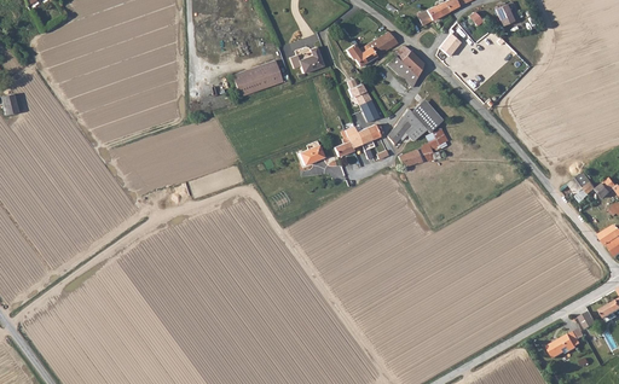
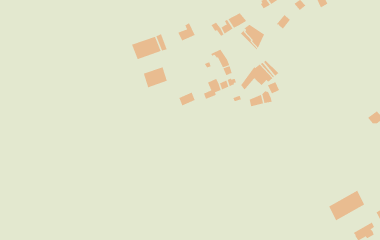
building: none -> [143,66,167,88]
building: none -> [329,190,365,221]

